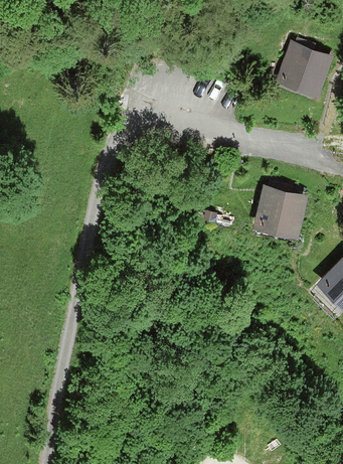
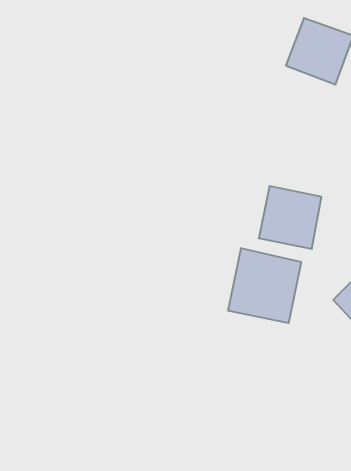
building: none -> [228,248,301,323]

